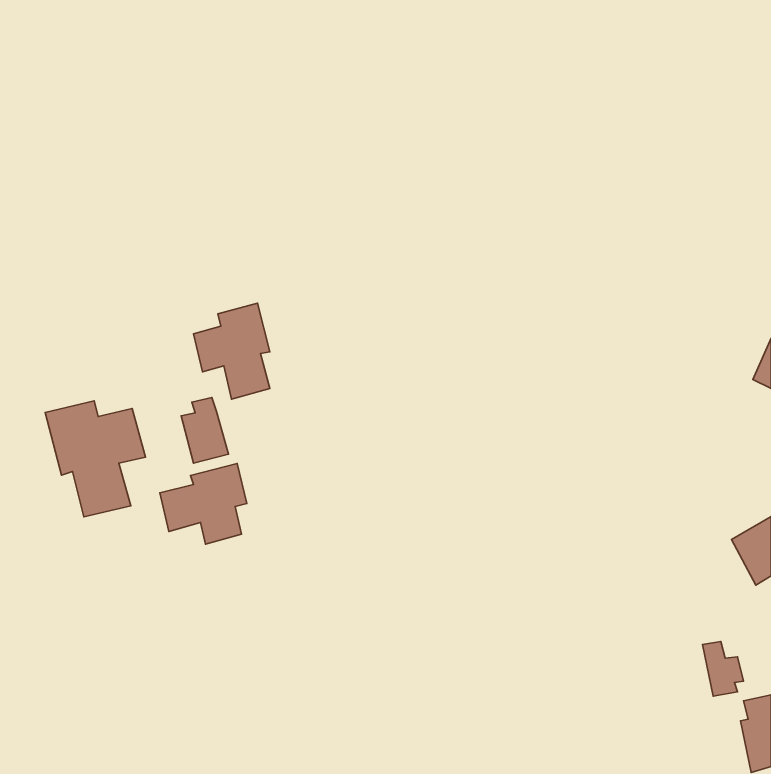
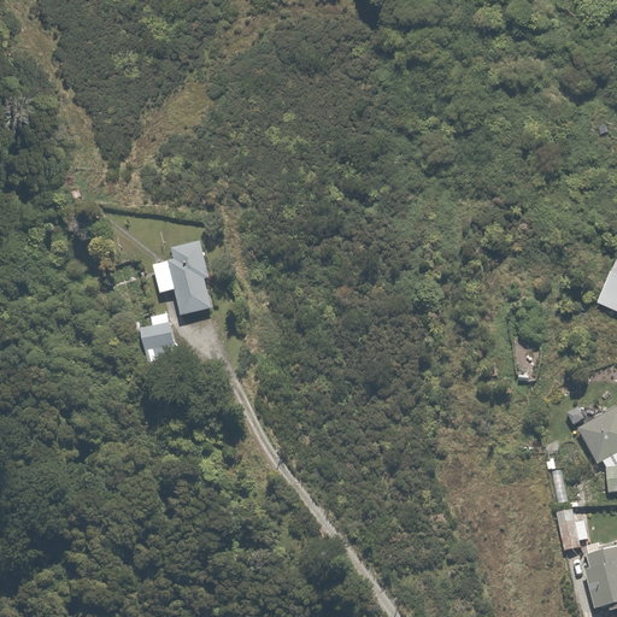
building: [45,401,145,517] -> none
building: [160,463,247,544] -> none

